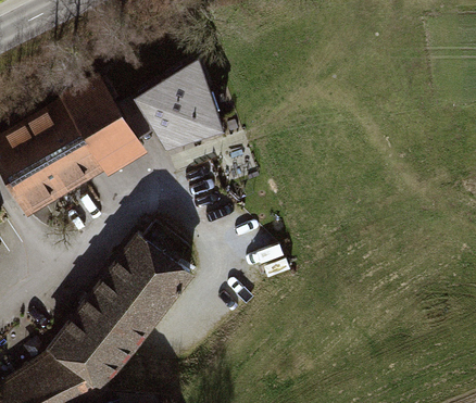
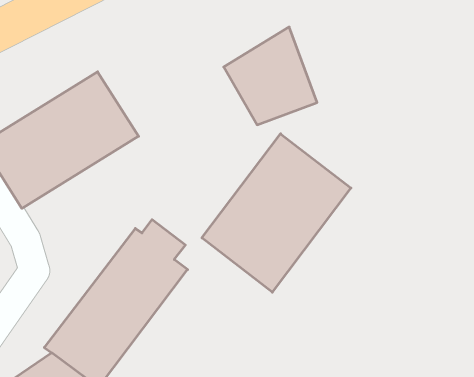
building: [131,59,223,154] -> [224,27,317,125]
building: none -> [202,134,351,292]

